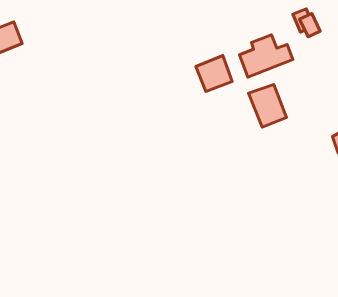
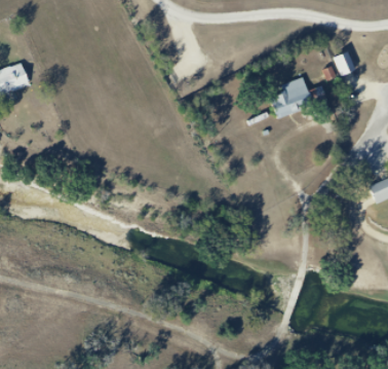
building: [196,56,232,92] -> none
building: [249,84,287,127] -> none

